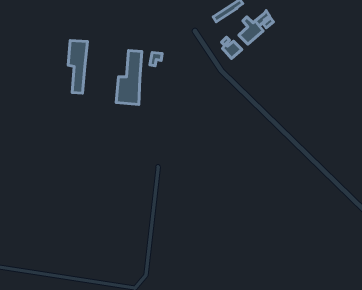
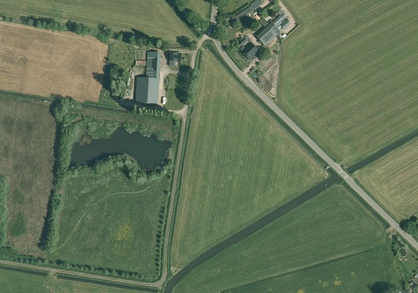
building: [68,40,88,93] -> none

